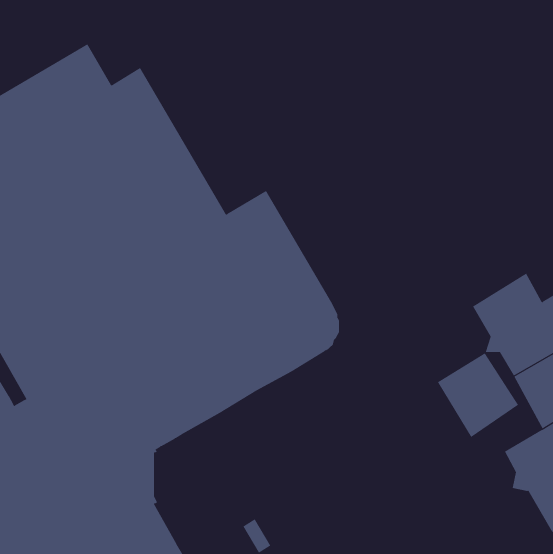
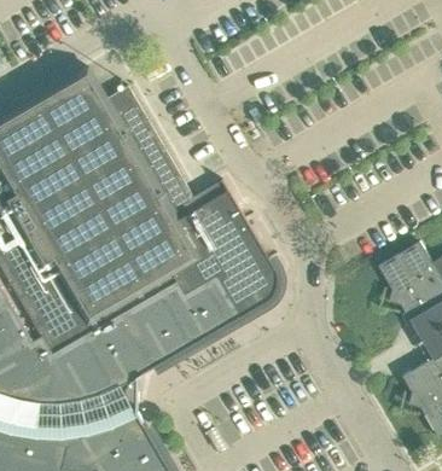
building: [437,353,519,438] -> none

